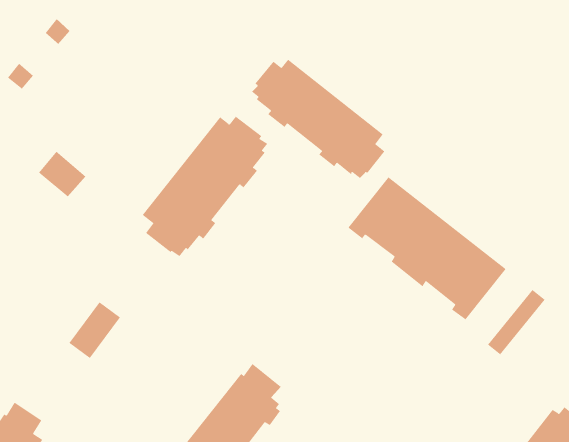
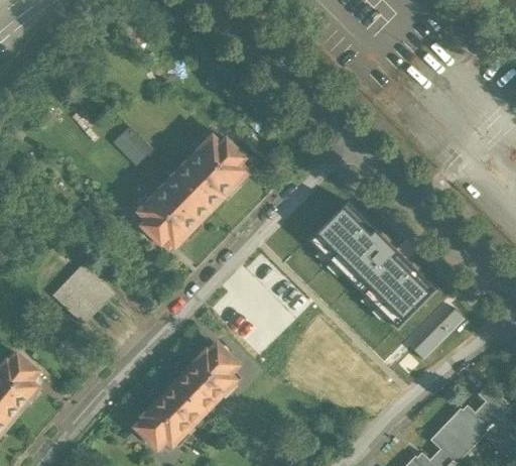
building: [251,59,385,179] -> none
building: [38,151,86,197] -> [112,124,151,163]
building: none -> [51,262,96,308]

